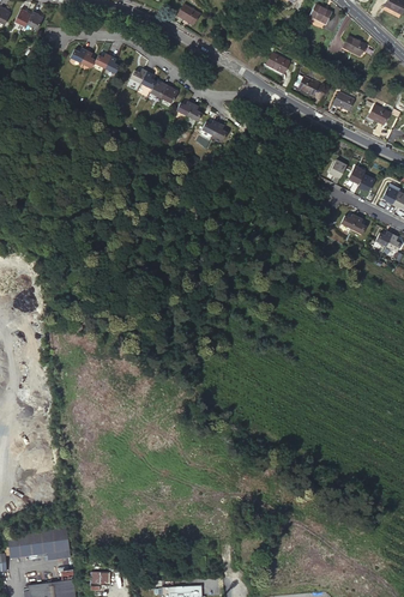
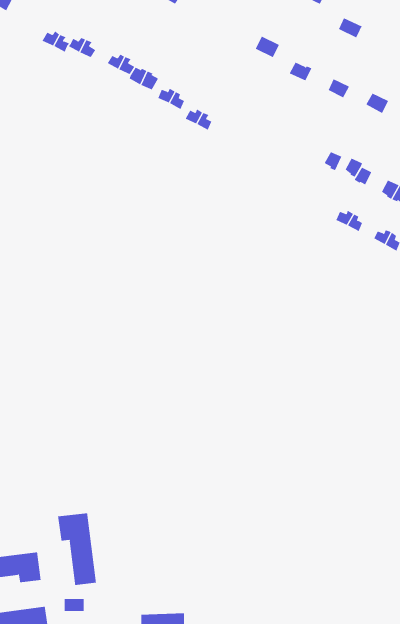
building: none -> [58,512,96,586]

